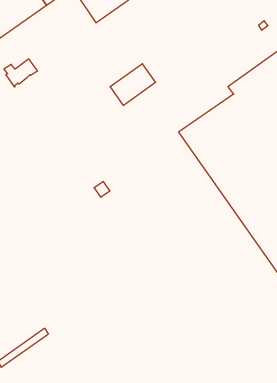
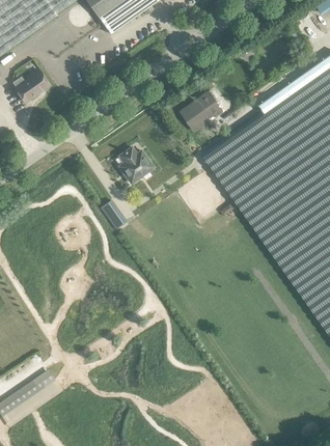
building: [110,64,156,105] -> [177,84,228,131]
building: none -> [119,146,153,183]

